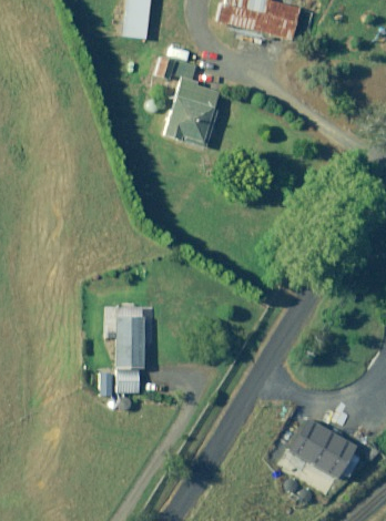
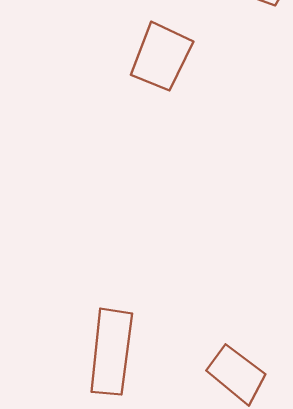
building: [109,310,144,402] -> [91,309,132,394]

